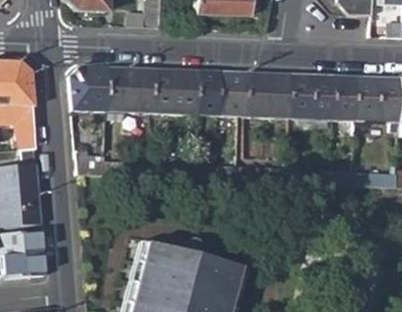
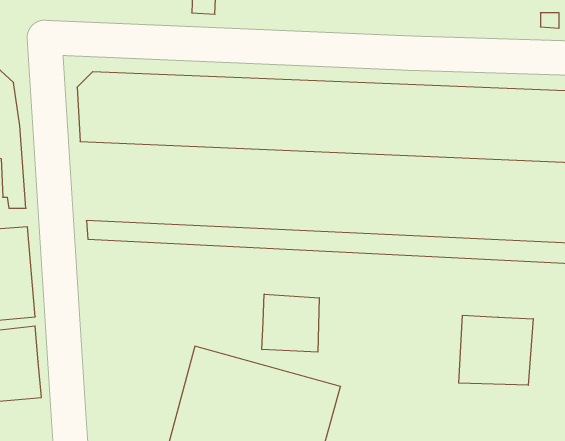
building: none -> [262,294,319,352]
building: none -> [459,315,533,385]

